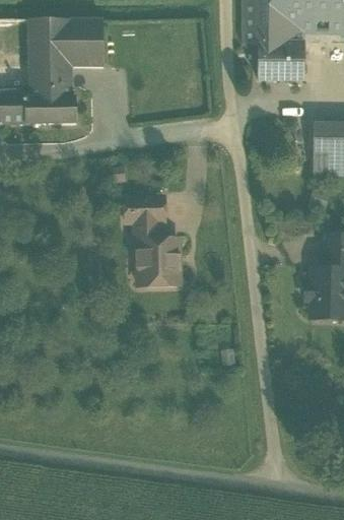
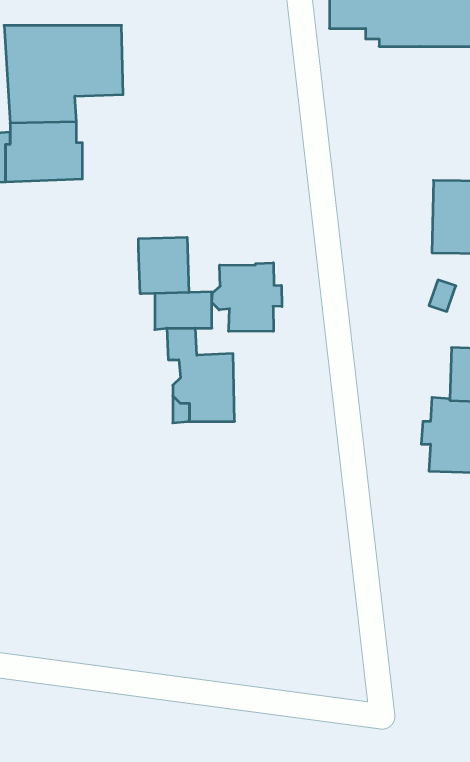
building: [245,19,305,79] -> none
building: none -> [139,237,189,294]
building: none -> [212,263,282,331]

